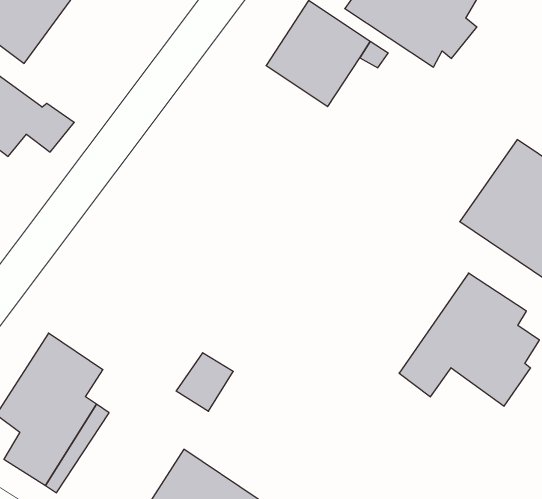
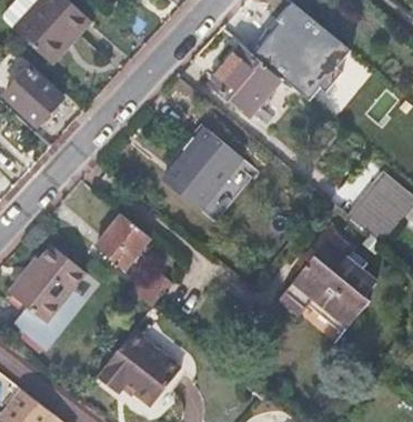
building: none -> [167,127,245,208]
building: none -> [94,215,149,271]

